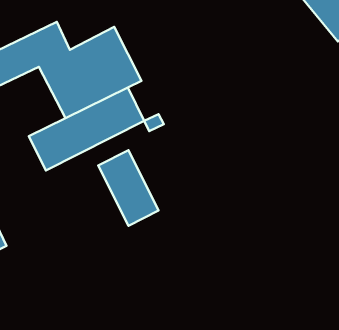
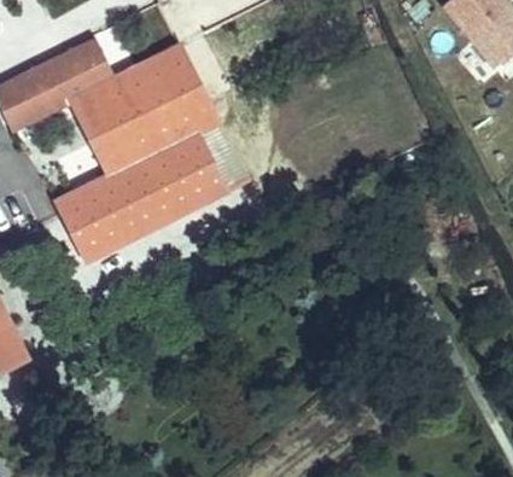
building: [98,150,159,226] -> none

